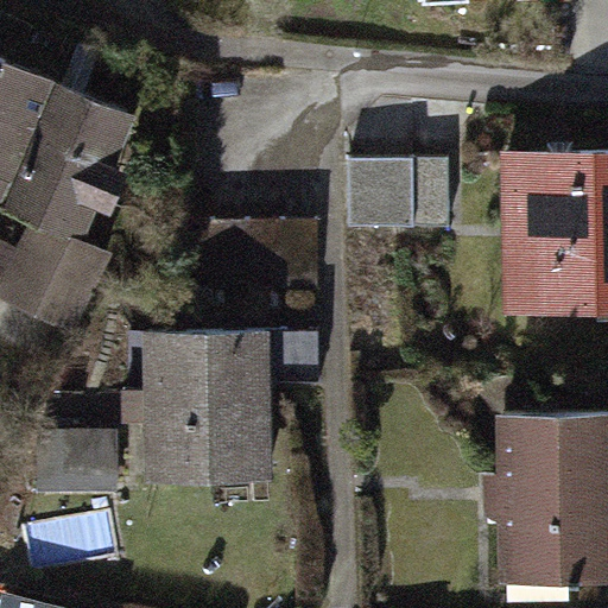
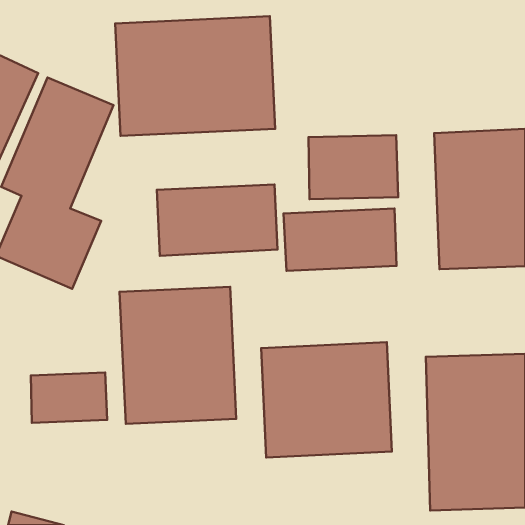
building: none -> [115,16,275,136]
building: none -> [283,208,397,271]
building: none -> [261,342,392,457]

